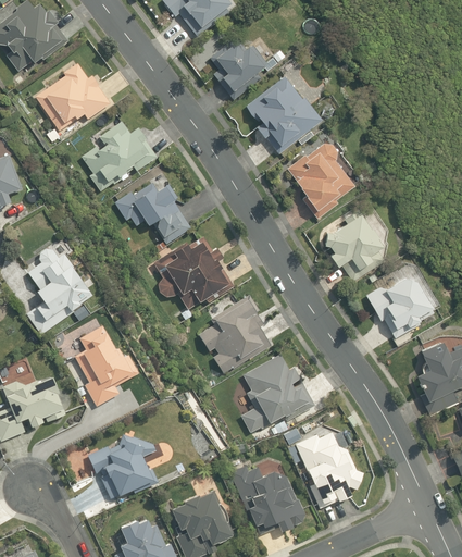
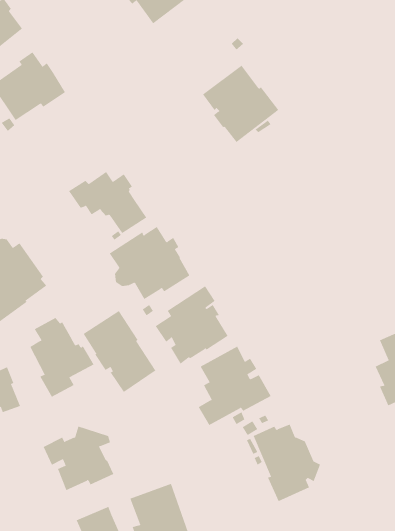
building: [209,37,266,100] -> none
building: [80,122,155,191] -> none
building: [287,144,353,219] -> none
building: [324,211,383,280] -> none
building: [364,278,430,338] -> none
building: none -> [83,310,156,393]
building: [228,463,304,533] -> none

